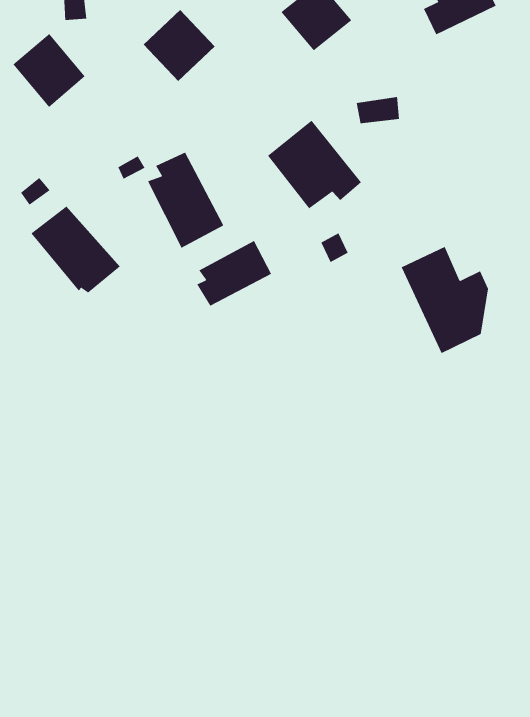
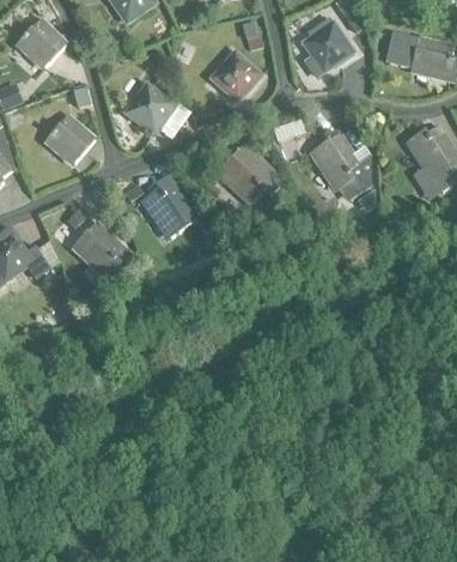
building: [197,240,272,307] -> none
building: [401,246,489,354] -> [311,133,370,203]

